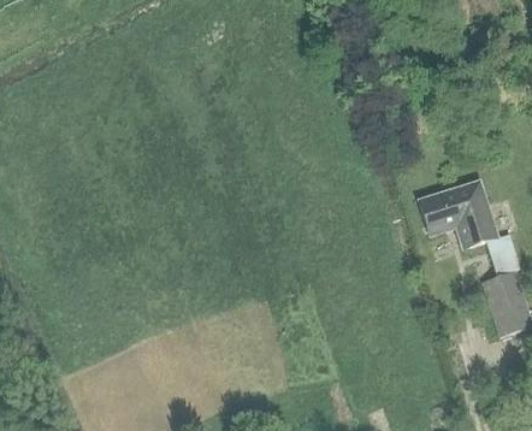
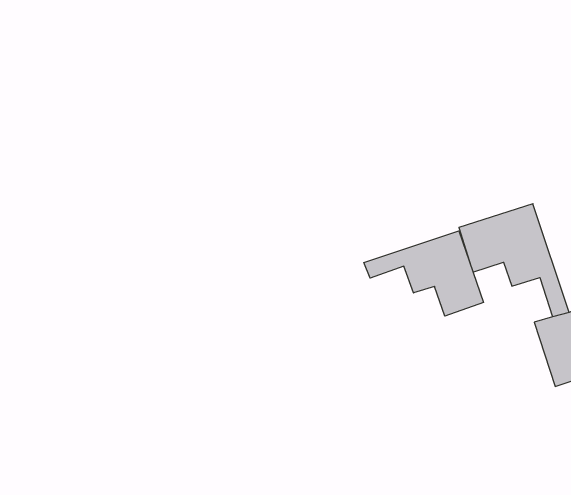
building: none -> [364,231,483,316]

